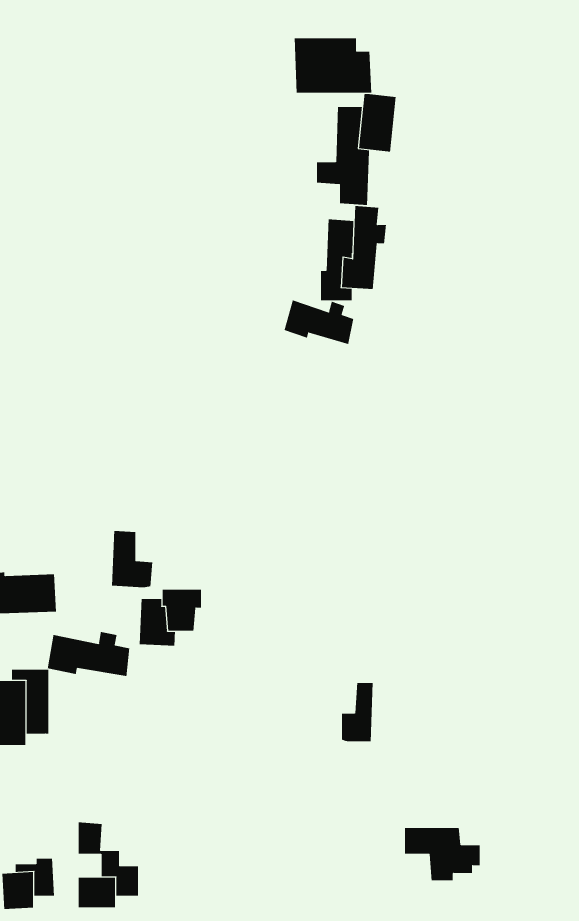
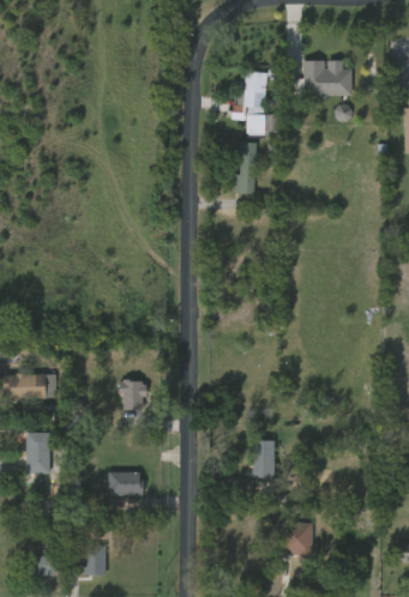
building: [294,38,372,93] -> [299,64,348,98]
building: [284,300,354,345] -> none
building: [112,530,153,588] -> none
building: [47,631,130,677] -> none
building: none -> [103,475,138,498]

